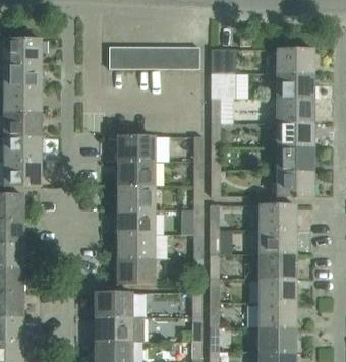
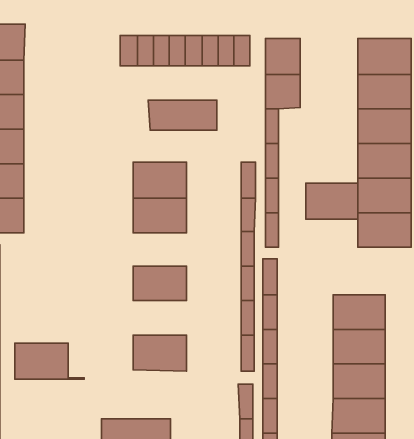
building: none -> [148,100,217,130]
building: [117,185,155,208] -> none
building: [258,203,295,229] -> [306,183,358,219]
building: [117,233,155,257] -> none
building: [95,291,143,316] -> [15,343,84,379]

